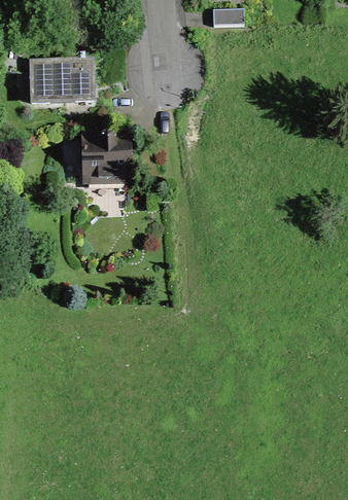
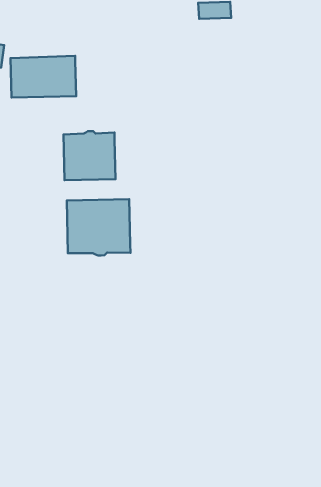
building: none -> [67,199,131,255]

